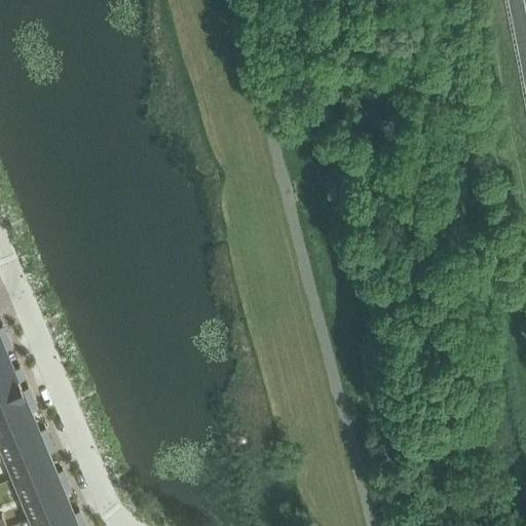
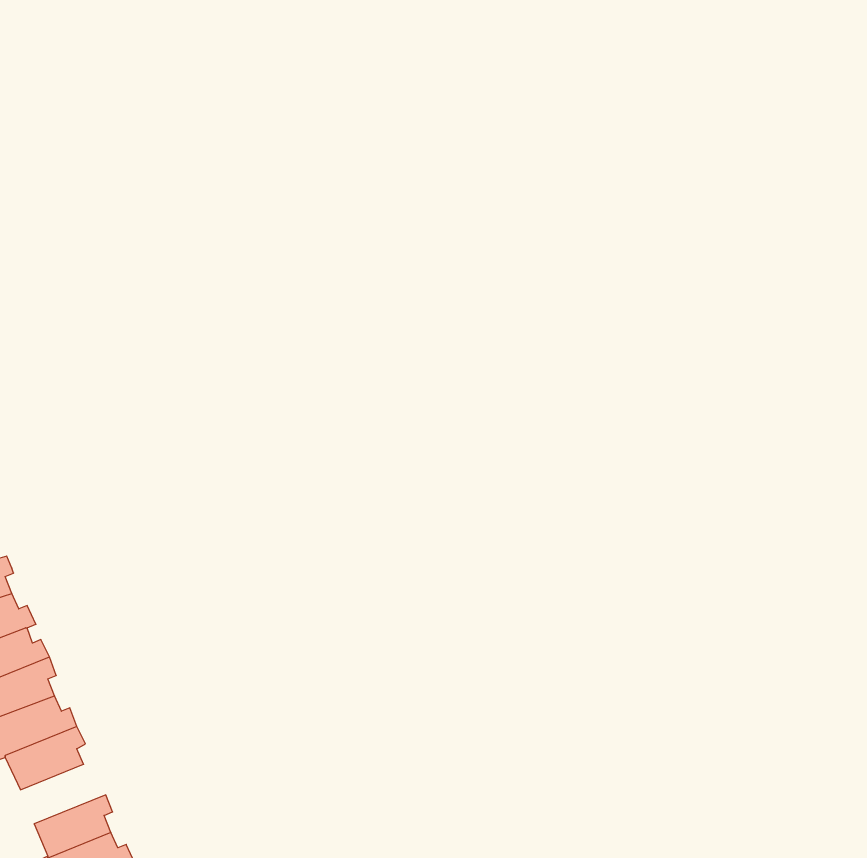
building: [12,468,64,504] -> none

